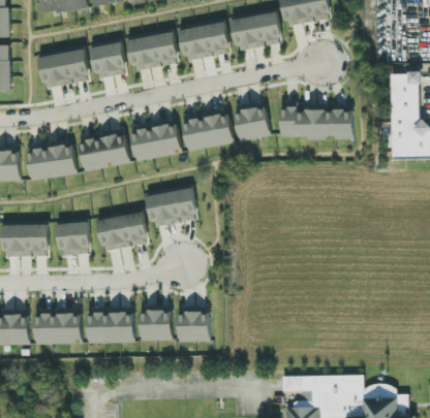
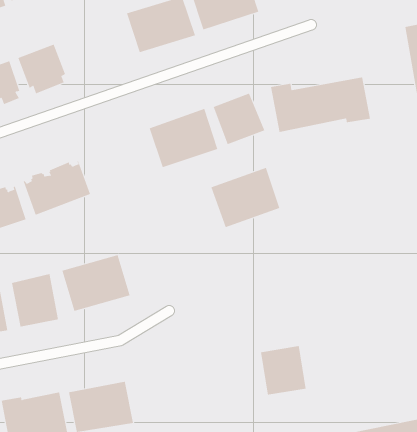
building: [126,32,176,71] -> none
building: [129,119,180,160] -> none
building: [145,186,195,227] -> [211,167,280,228]
building: [139,308,171,341] -> none
building: [177,308,208,342] -> [260,346,307,395]

